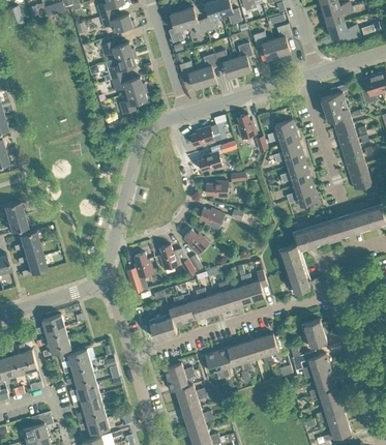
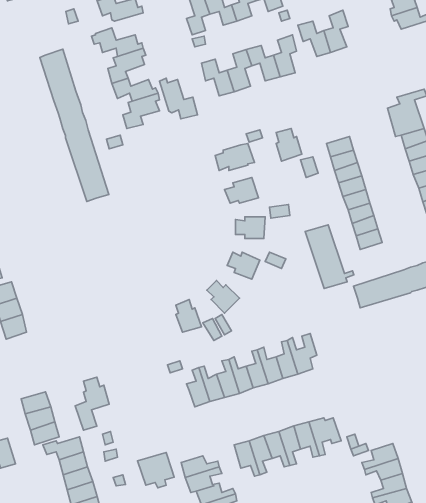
building: none -> [40,49,109,202]
building: none -> [159,78,198,119]
building: [277,244,315,293] -> [305,225,354,289]
building: [127,253,153,293] -> [75,377,109,430]
building: [148,314,176,340] -> [138,453,174,488]
building: [300,319,328,347] -> none

